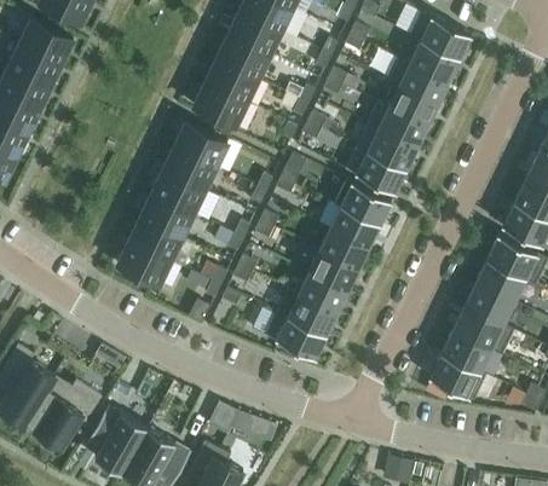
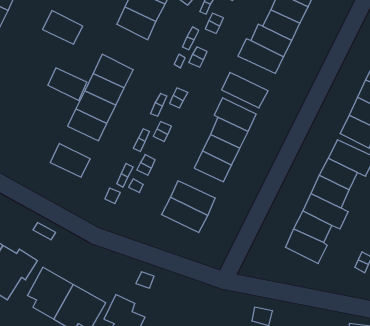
building: [194,82,247,127] -> [43,11,83,44]
building: [356,125,416,170] -> none
building: [129,218,181,261] -> [48,68,87,100]
building: [298,273,347,313] -> none

